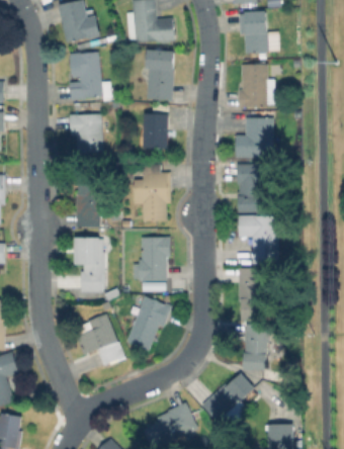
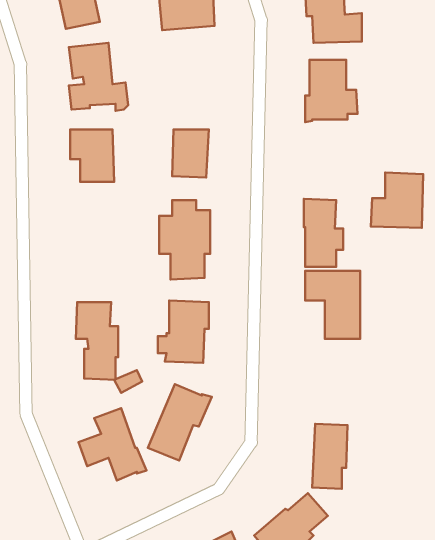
building: [146,50,174,100] -> none
building: [236,117,273,157] -> [371,173,423,228]
building: [76,172,101,228] -> none
building: [239,268,262,320] -> none

